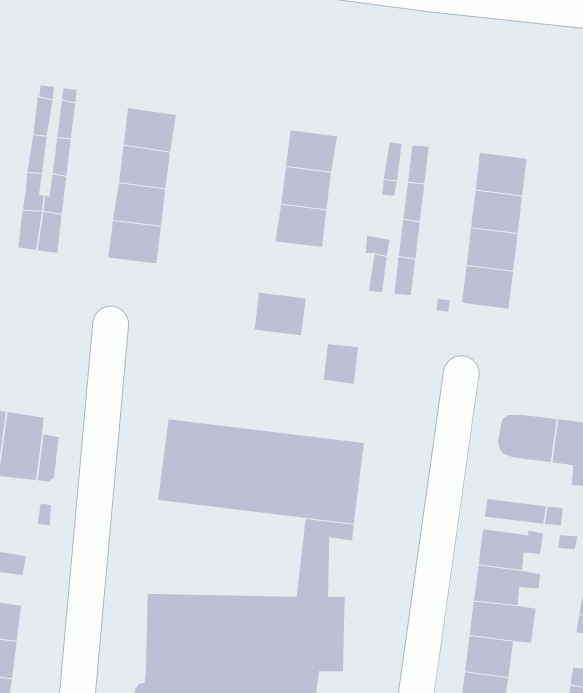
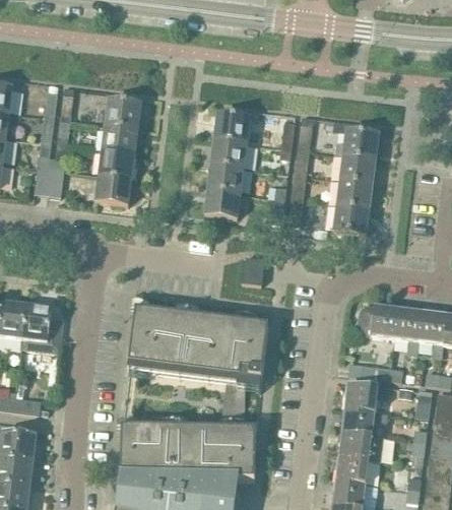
building: [254,292,306,336] -> [204,188,240,217]

